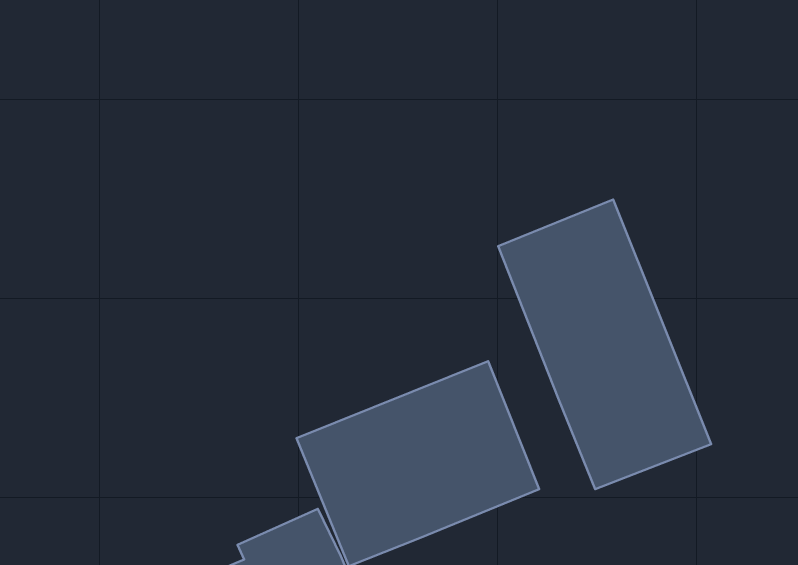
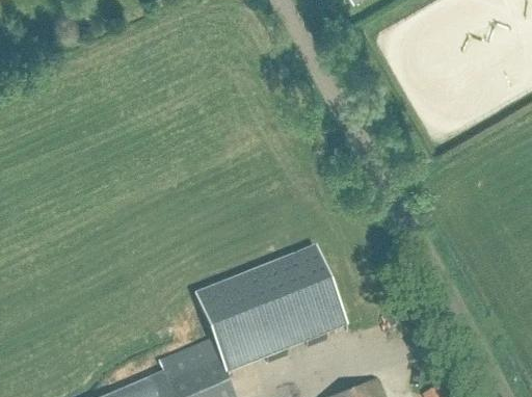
building: [498,199,711,489] -> none

